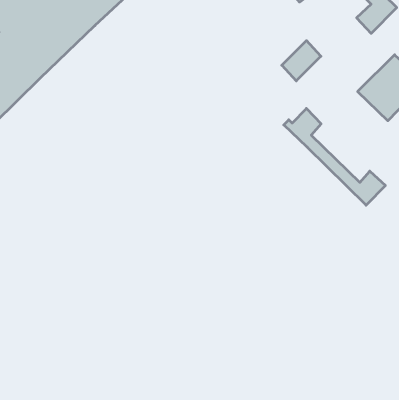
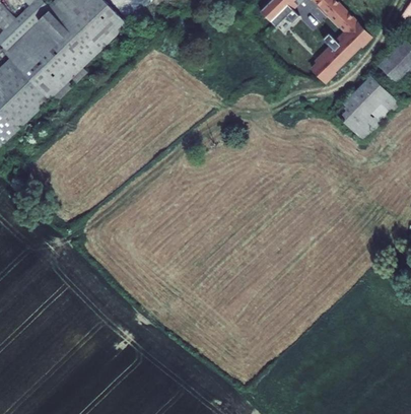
building: [282,41,321,81] -> [311,47,346,83]
building: [284,108,385,205] -> none

